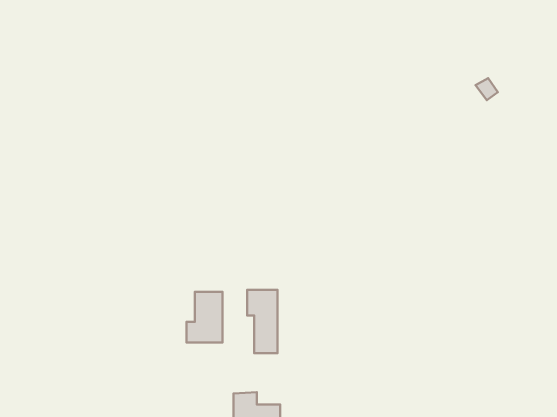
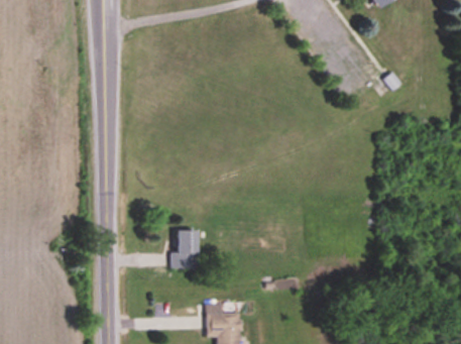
building: [247,290,277,353] -> none

